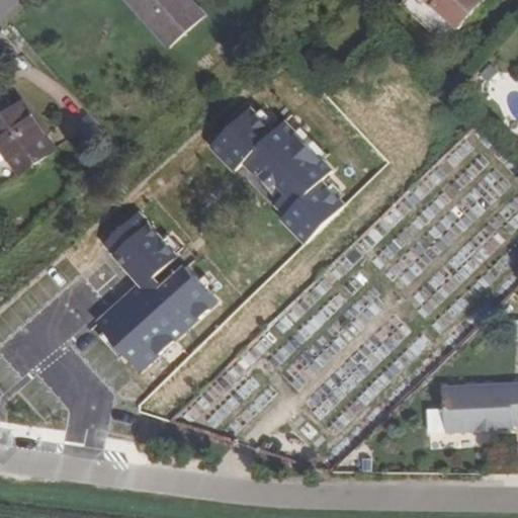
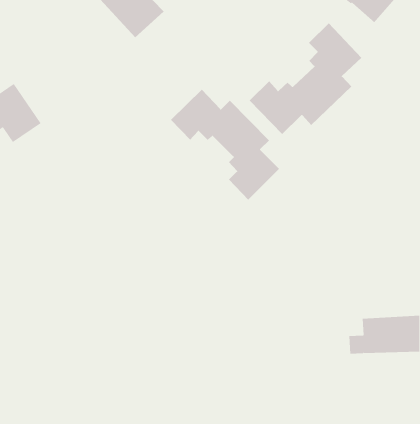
building: none -> [249,23,362,135]
building: [104,202,226,361] -> none

